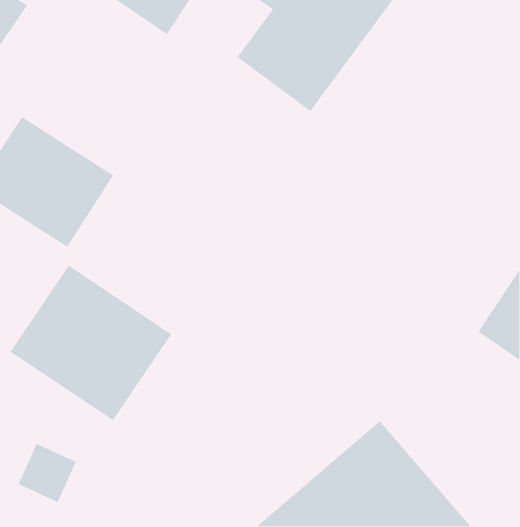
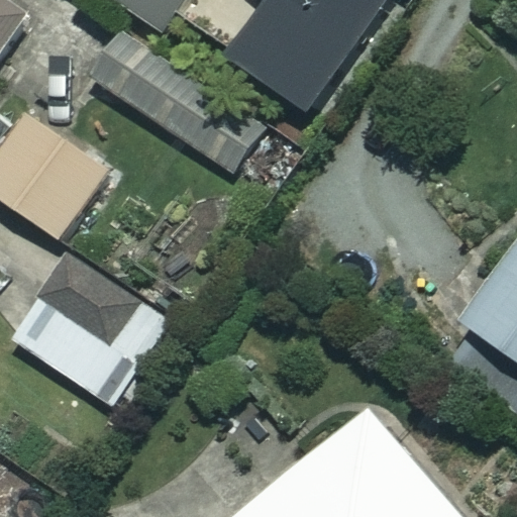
building: none -> [84,27,260,173]

